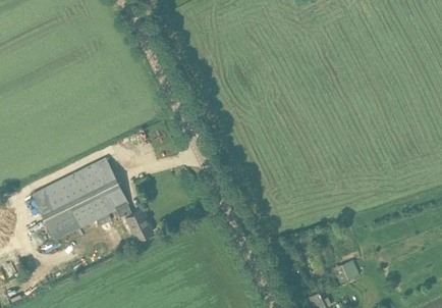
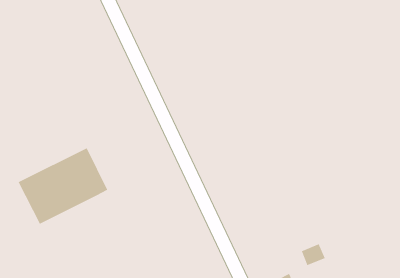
building: [116,203,153,239] -> none

